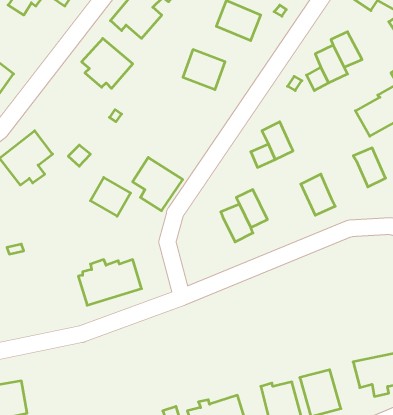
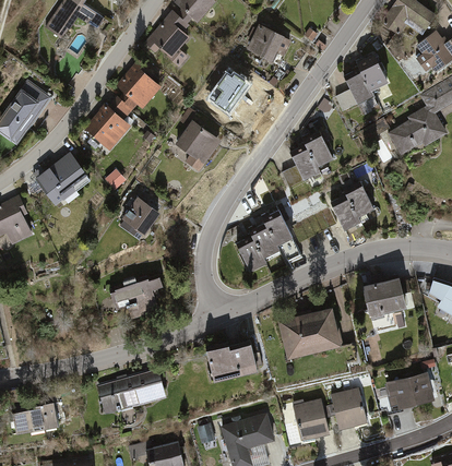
building: none -> [83,95,134,151]
building: none -> [307,131,335,167]
building: [353,148,386,187] -> [346,181,378,219]
building: [133,157,183,211] -> [175,119,224,171]
building: none -> [236,237,267,275]
building: none -> [362,278,412,321]
building: none -> [281,308,345,361]
building: none -> [209,347,263,384]
building: none -> [95,368,168,416]

